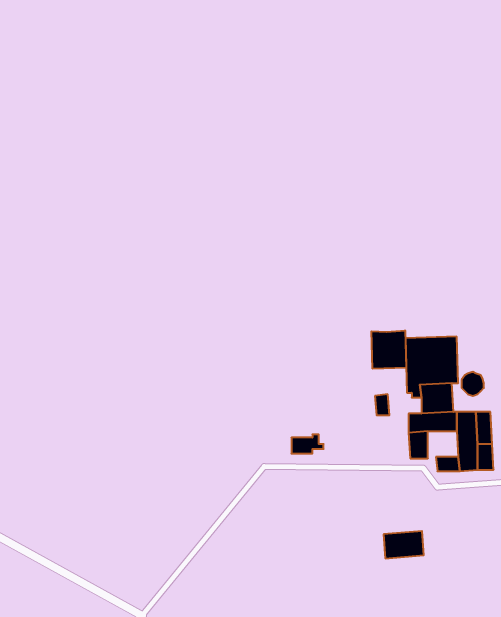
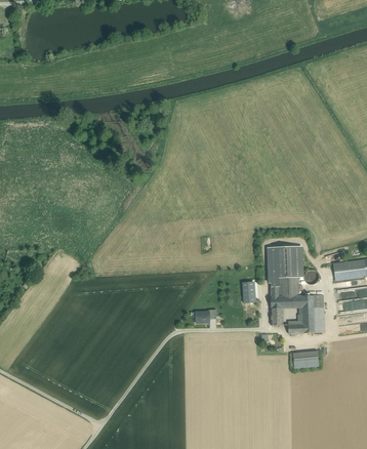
building: [371,330,406,369] -> none
building: [384,531,424,558] -> [292,350,318,367]

